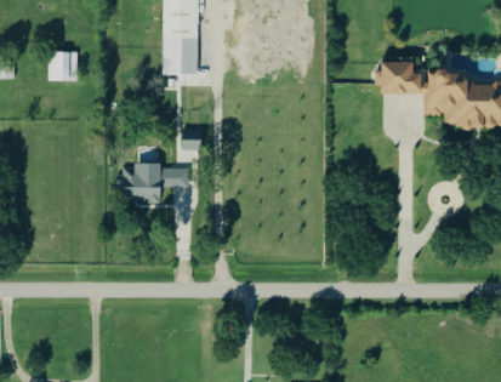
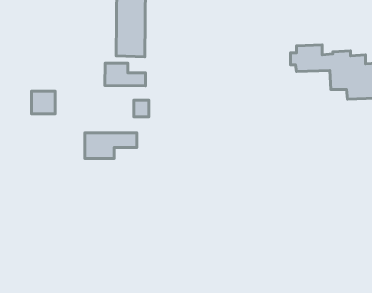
building: [47,52,76,80] -> [32,91,55,114]
building: none -> [105,63,146,86]

